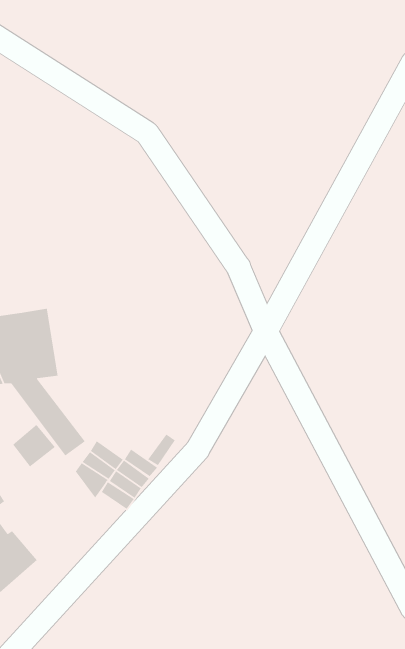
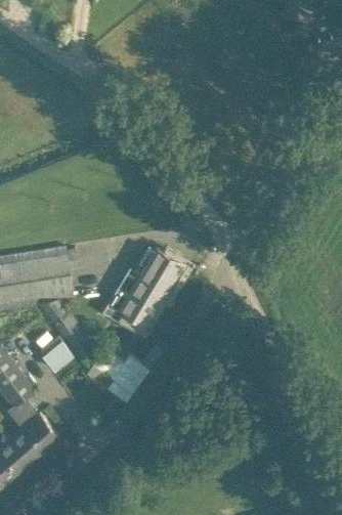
building: none -> [109,252,183,334]

